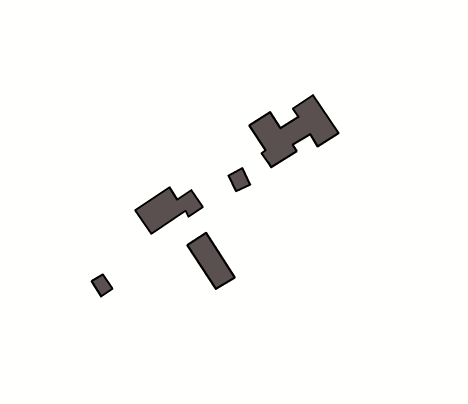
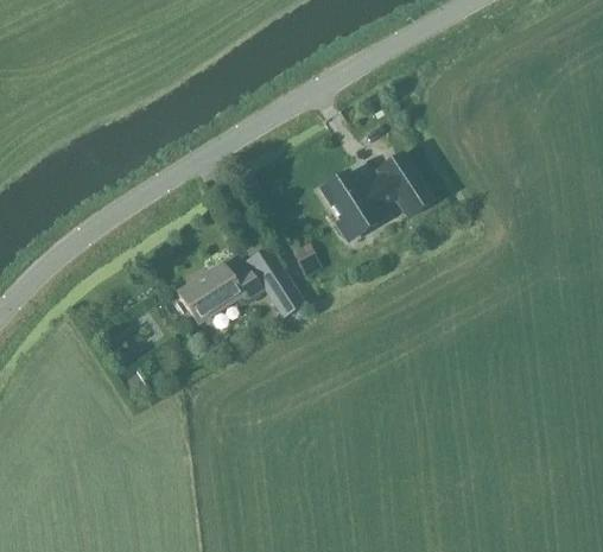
building: [187,233,235,289] -> [246,247,305,317]

